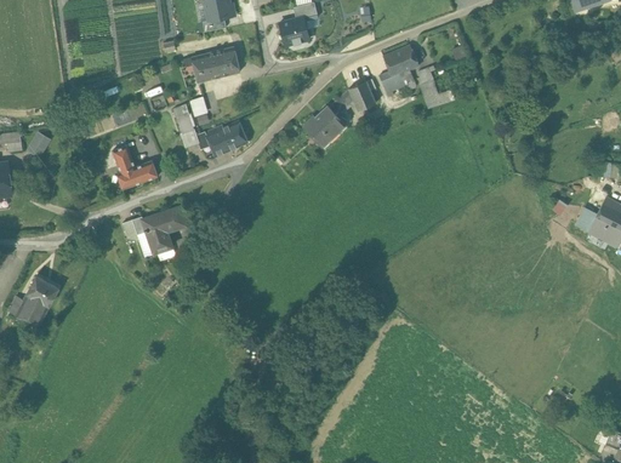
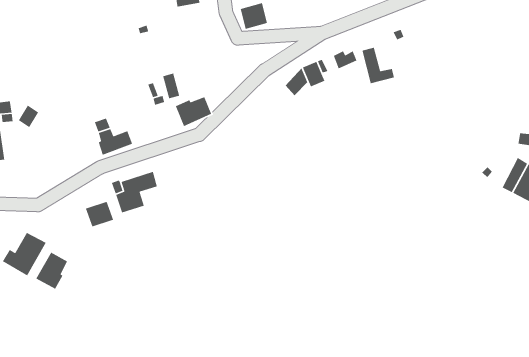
building: [388,41,423,75] -> none
building: [190,47,239,84] -> none
building: [303,109,344,149] -> none
building: none -> [85,201,114,228]
building: none -> [35,252,68,290]

